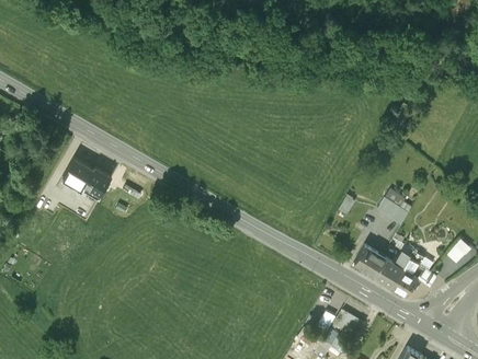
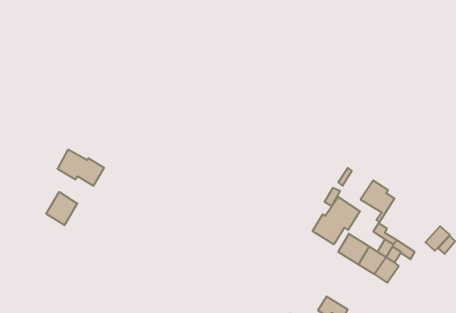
building: none -> [46,192,77,225]
building: none -> [313,197,360,244]

